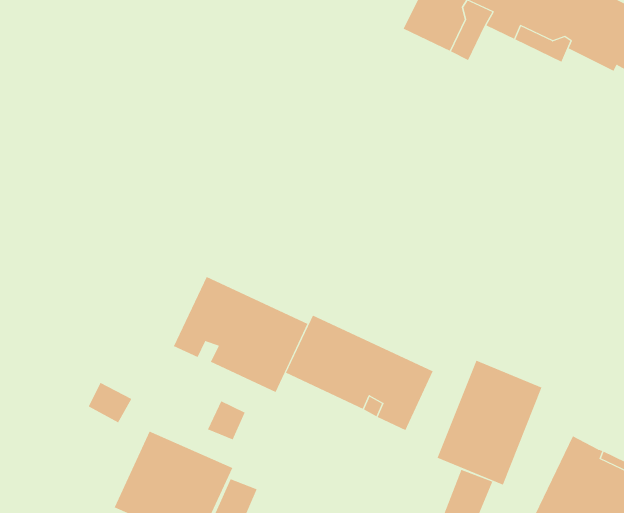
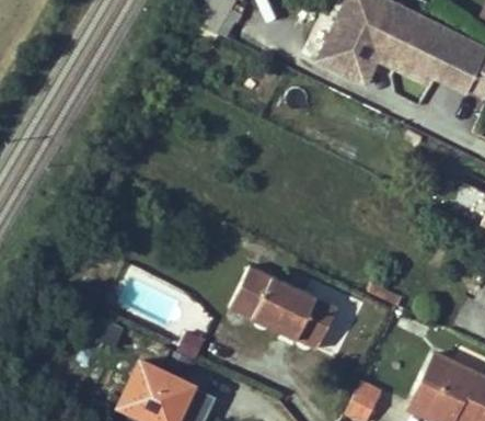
building: [173,276,308,393] -> none
building: [437,360,542,485] -> none

